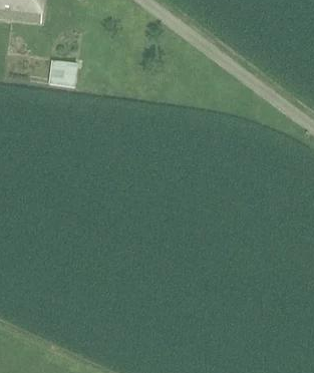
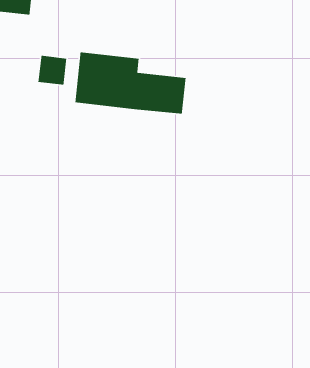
building: none -> [74,51,186,115]

